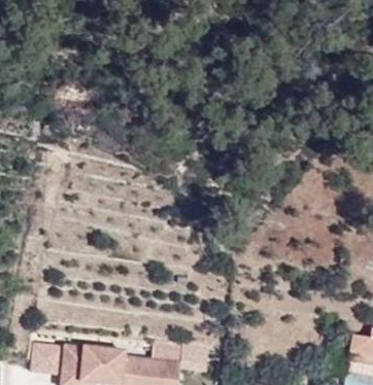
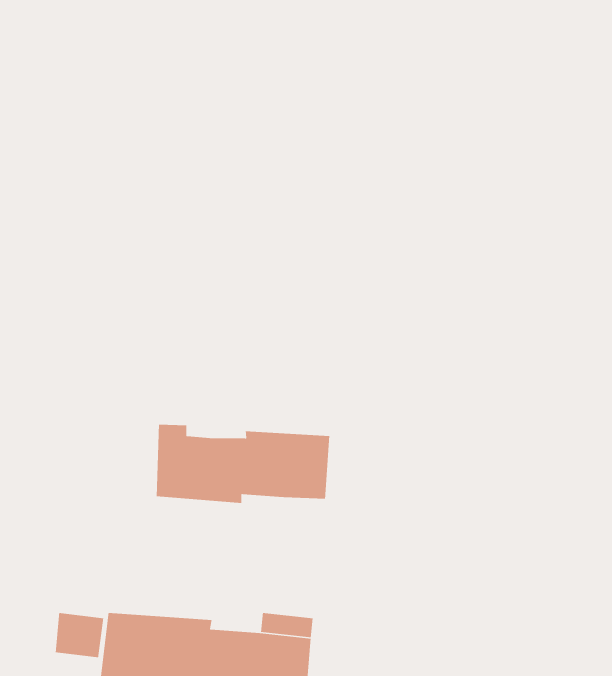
building: none -> [156,424,330,504]

